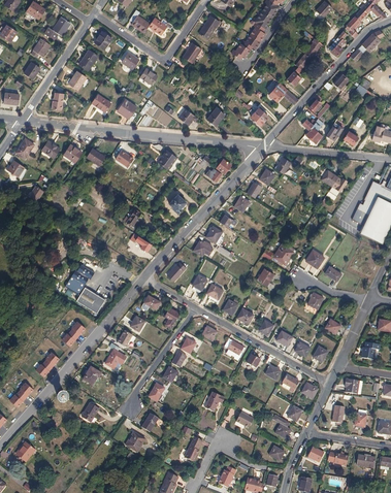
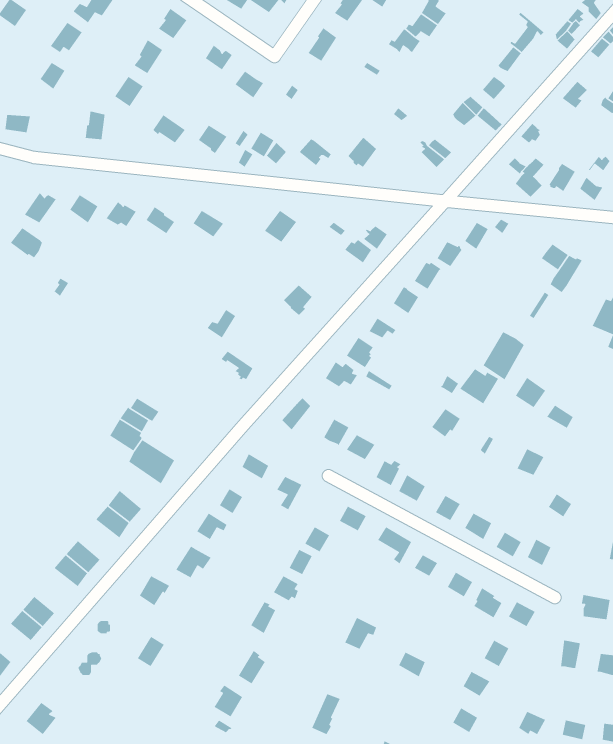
building: none -> [482,331,525,381]

